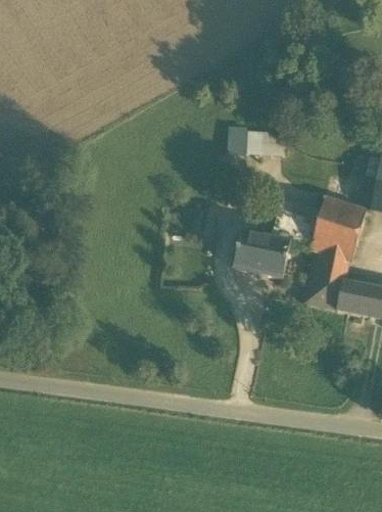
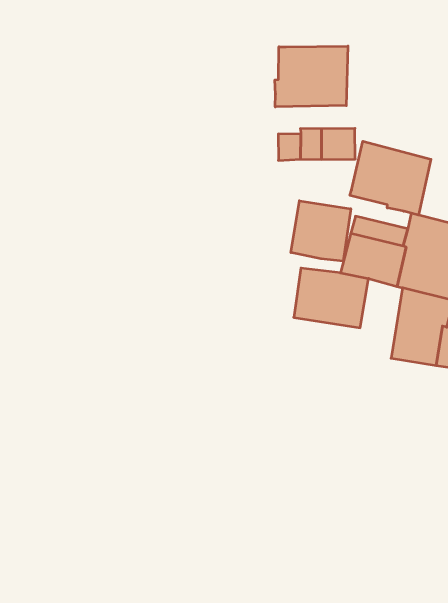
building: none -> [275,46,348,107]
building: none -> [350,141,431,215]
building: none -> [291,201,351,261]

